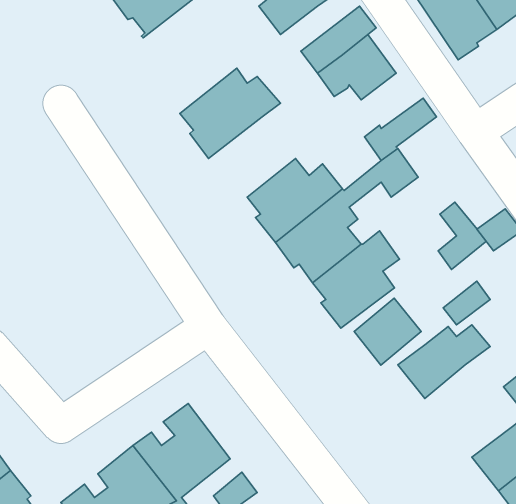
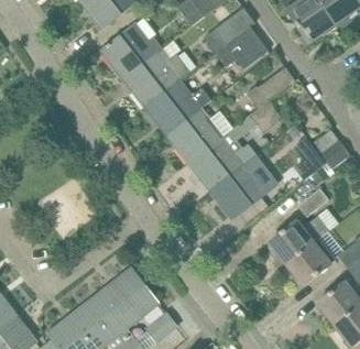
building: none -> [101,23,163,77]
building: none -> [144,79,201,132]
building: [354,298,421,365] -> [286,242,330,286]

